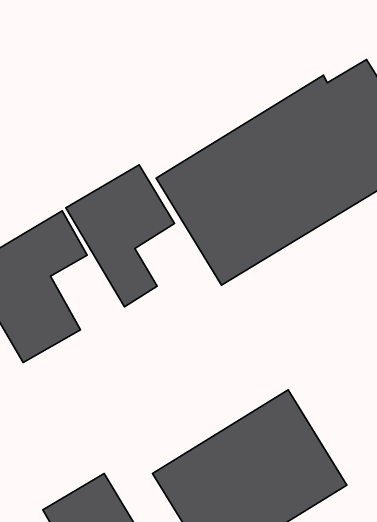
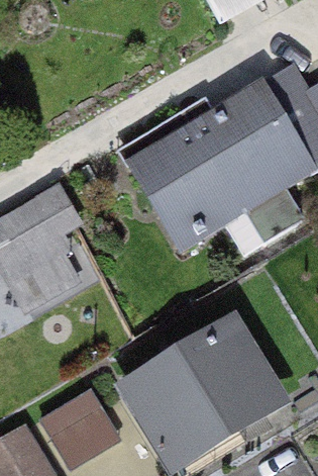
building: [66,165,175,307] -> none

